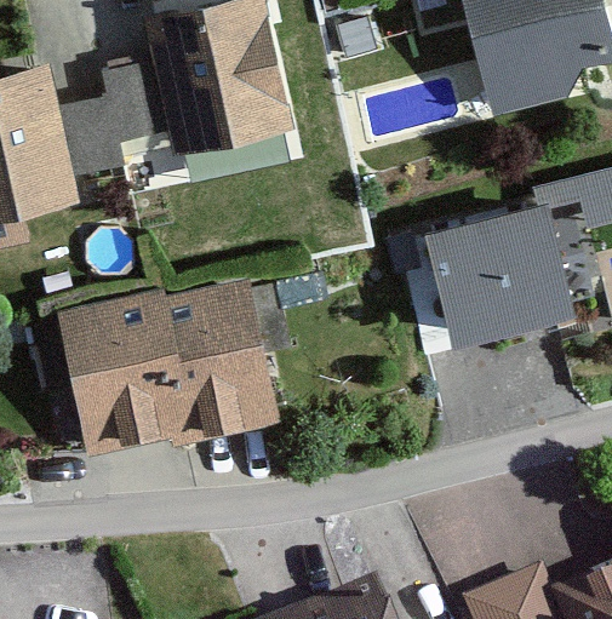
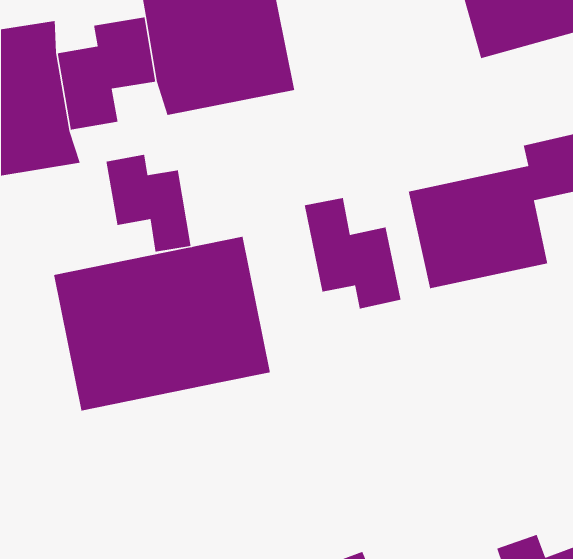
building: none -> [106,154,192,253]
building: none -> [304,197,401,309]

